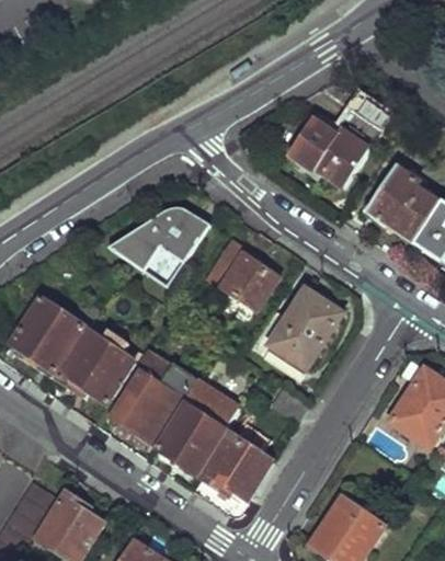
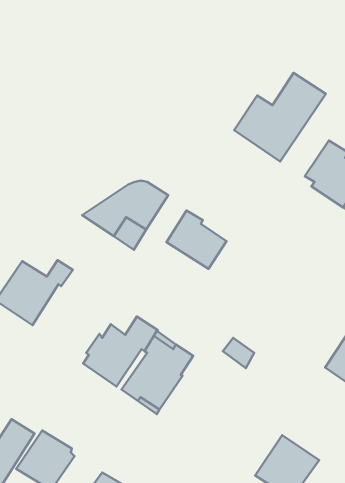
building: [250,289,343,369] -> none
building: [57,331,136,404] -> none
building: [203,436,272,503] -> none

